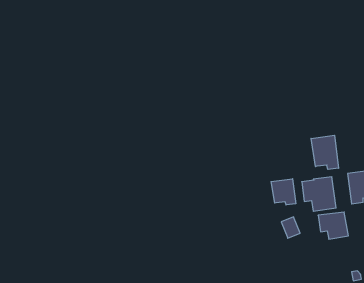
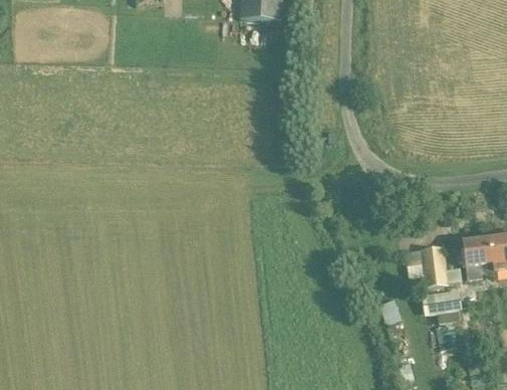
building: [311,135,339,169] -> none
building: [271,179,296,205] -> none

